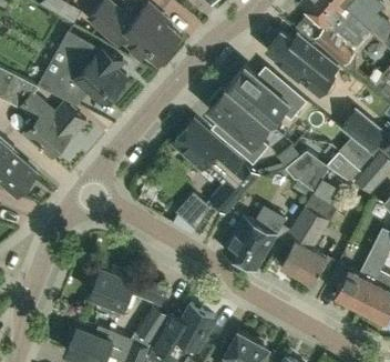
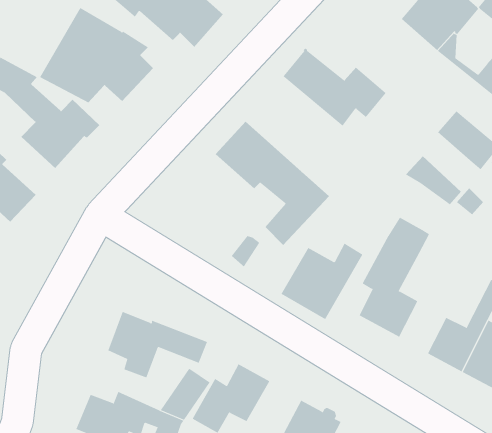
building: [267,32,338,93] -> none
building: [205,84,270,162] -> none
building: [291,151,329,189] -> none

